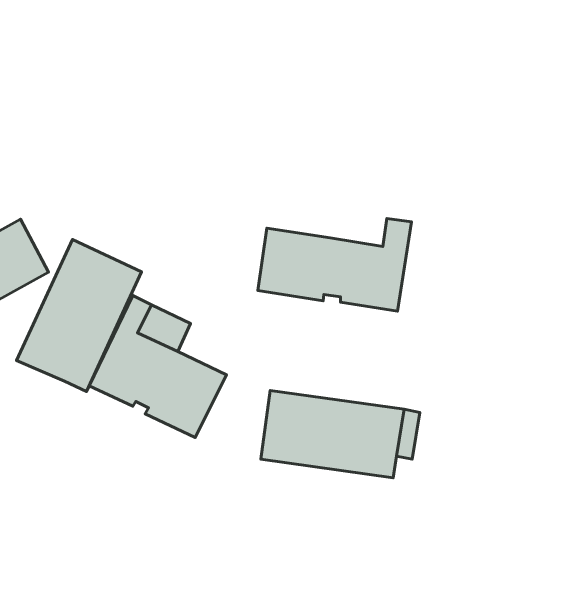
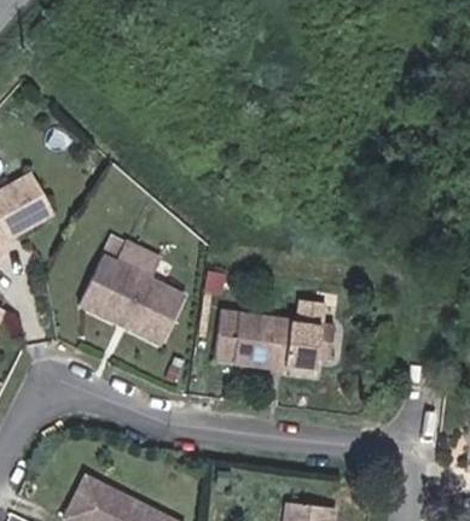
building: [258,218,412,311] -> none
building: [16,240,142,391] -> none

